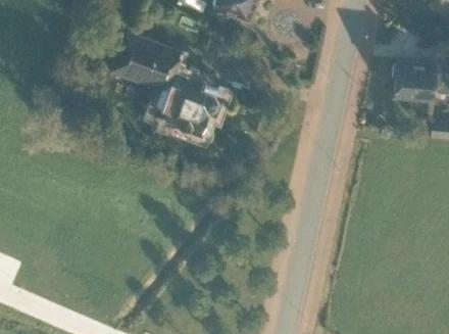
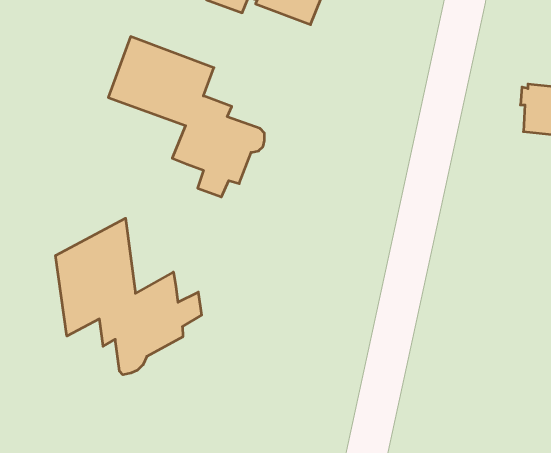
building: none -> [56,218,202,375]

